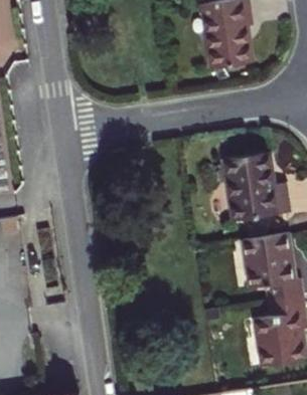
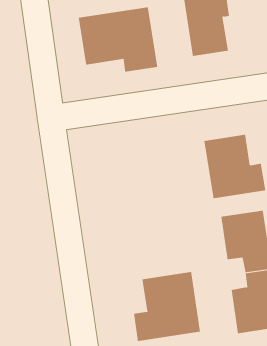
building: none -> [78,7,158,72]
building: none -> [134,271,200,342]

